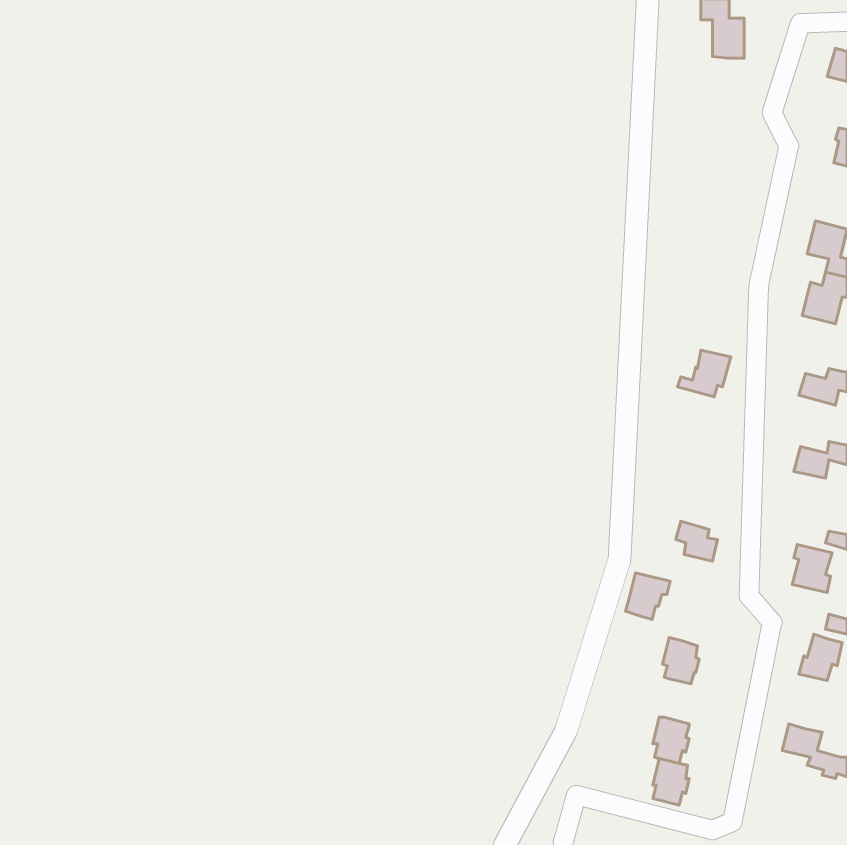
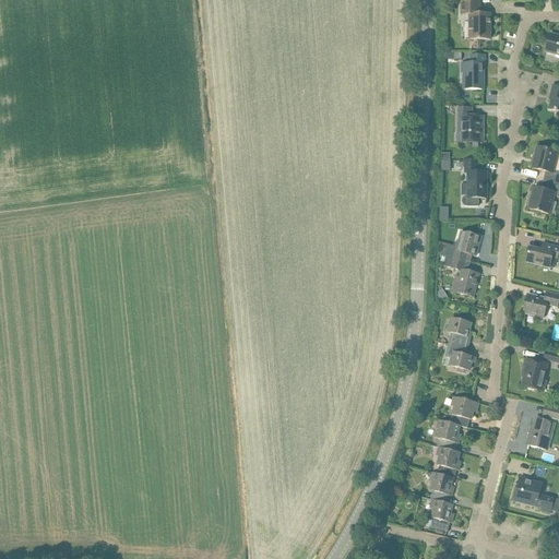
building: none -> [461,53,484,87]
building: none -> [456,106,483,141]
building: none -> [461,158,486,204]
building: none -> [443,254,478,295]
building: none -> [448,317,469,348]
building: [625,573,670,619] -> [449,396,478,427]
building: none -> [436,447,460,476]

